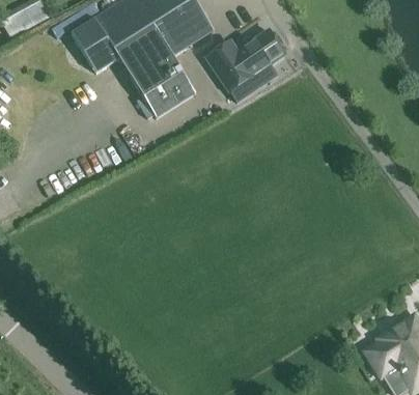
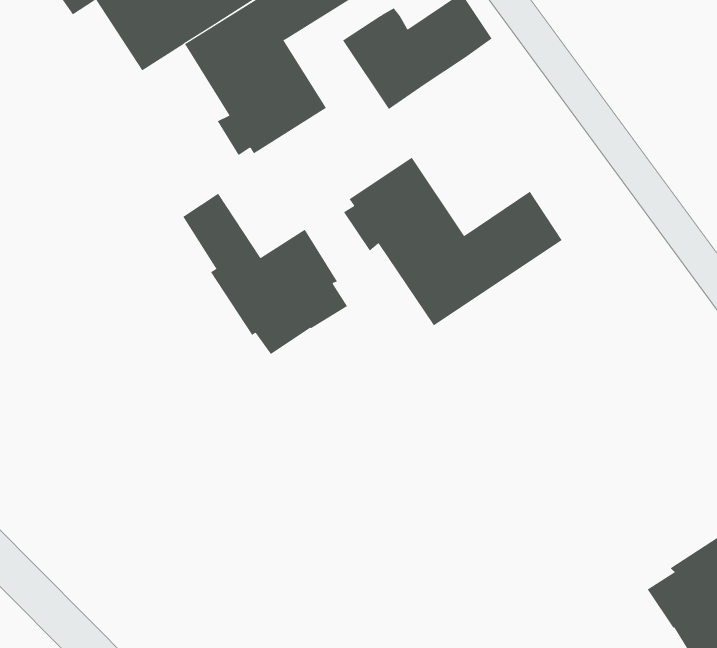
building: none -> [343,157,563,326]
building: none -> [182,193,348,355]

